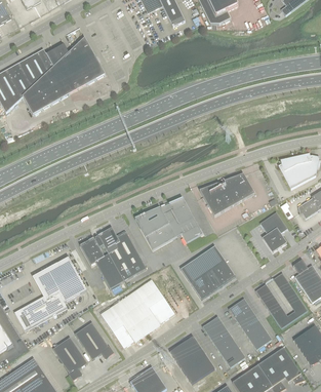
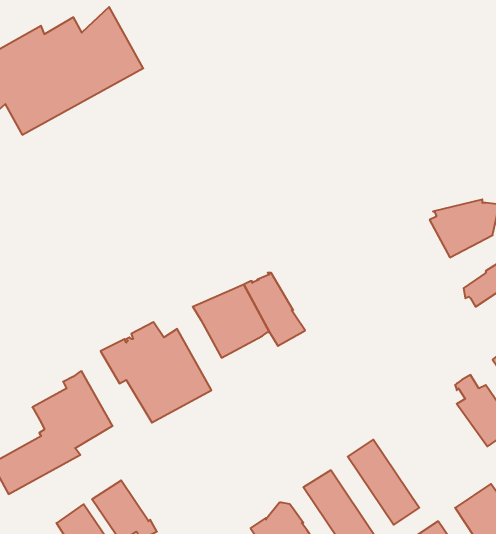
building: [199,172,253,215] -> none
building: [259,211,287,250] -> none
building: [179,245,235,299] -> none
building: [254,272,307,327] -> none
building: [99,279,174,348] -> none

